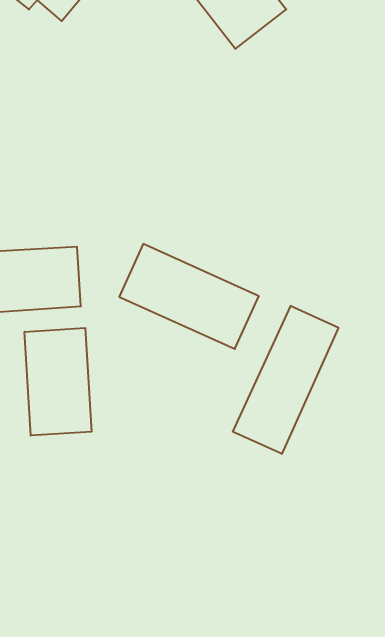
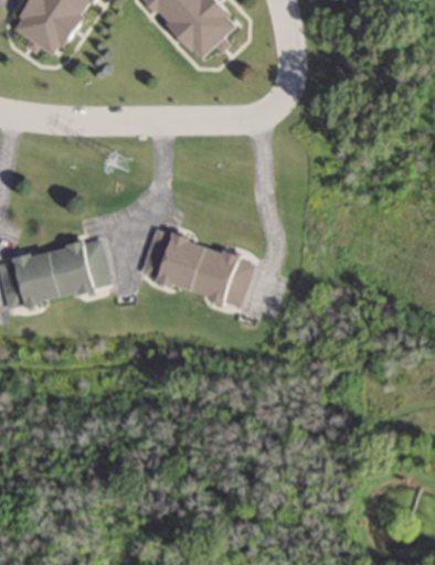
building: [233,306,338,454] -> none
building: [25,328,91,436] -> none

